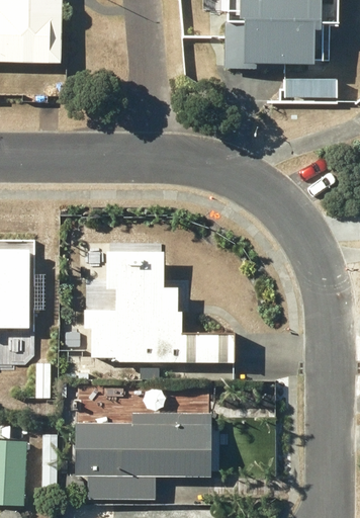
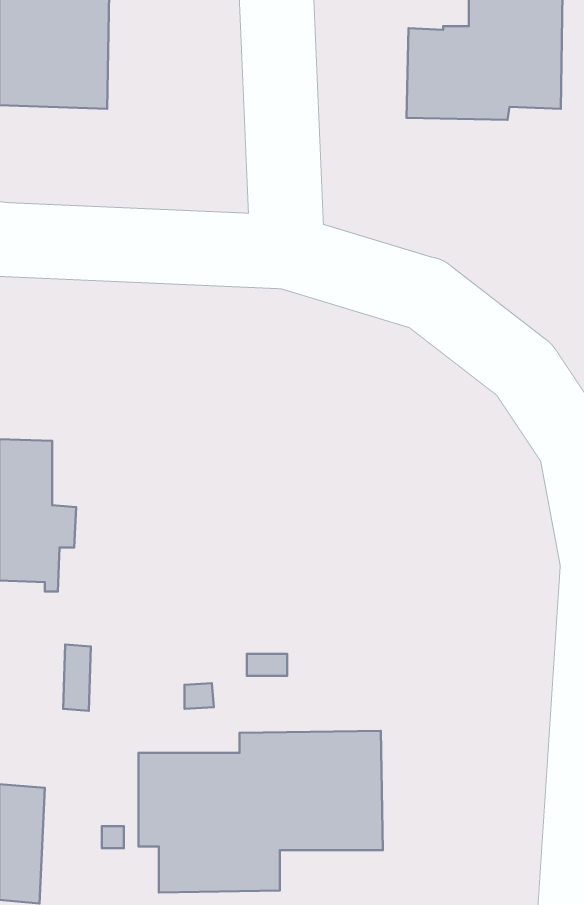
building: [84,248,235,361] -> none

